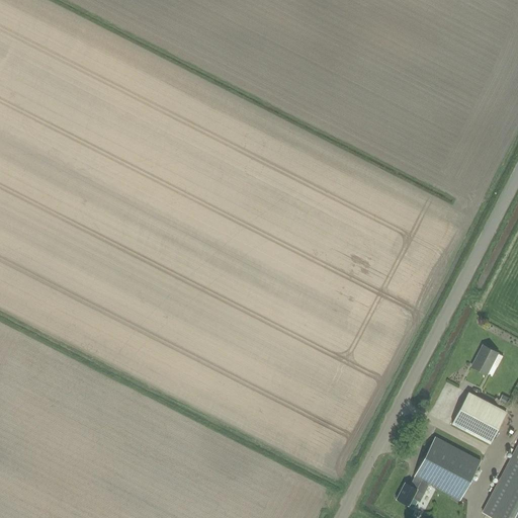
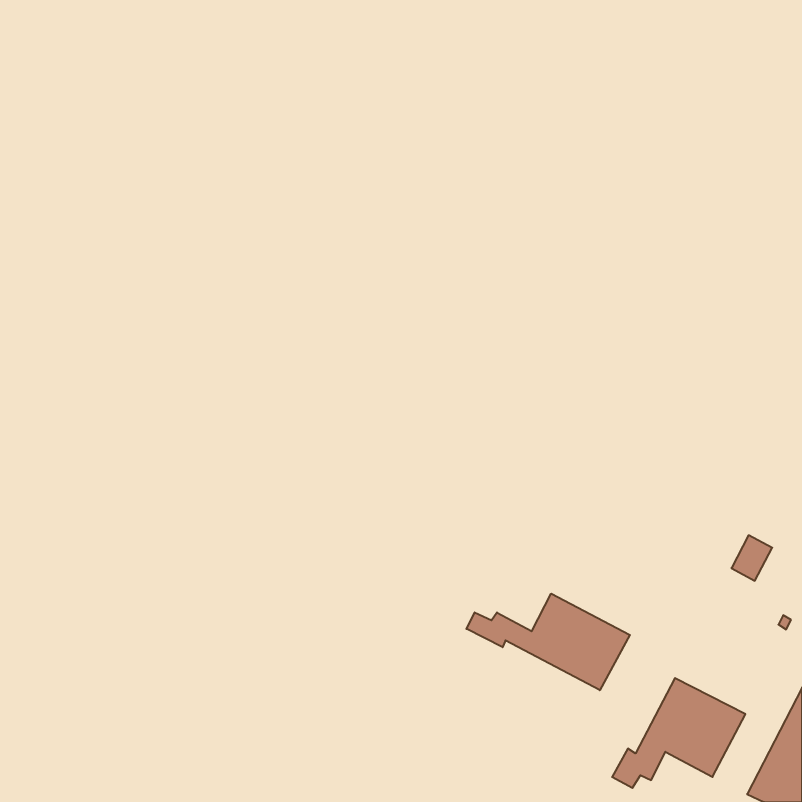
building: none -> [466,594,630,690]
building: [452,392,507,444] -> none

